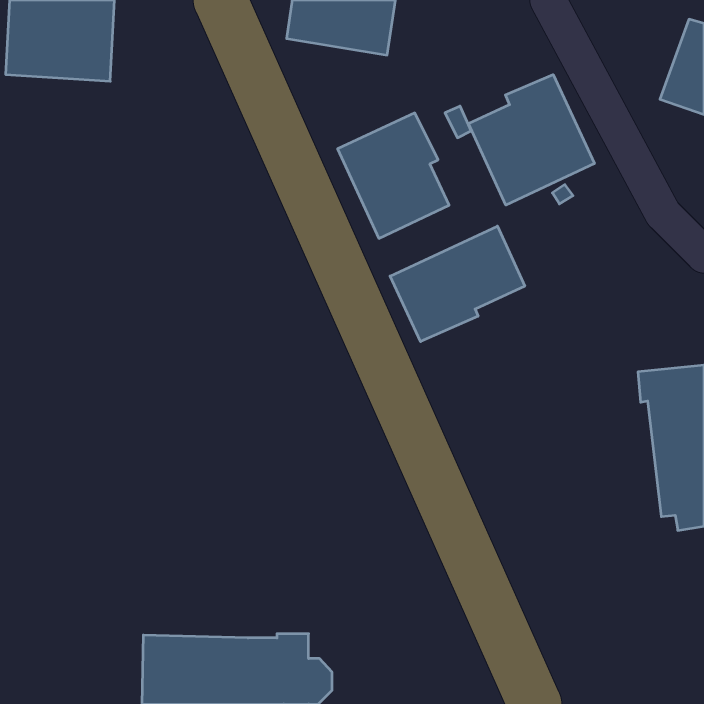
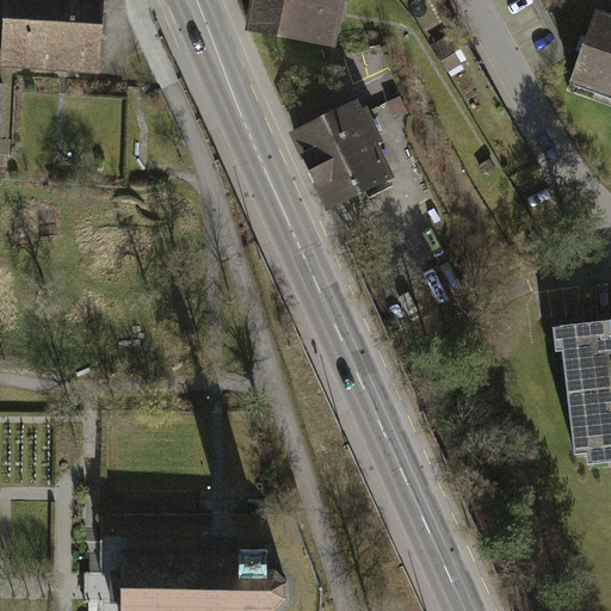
building: [469,75,594,205] -> none
building: [390,226,525,342] -> none

